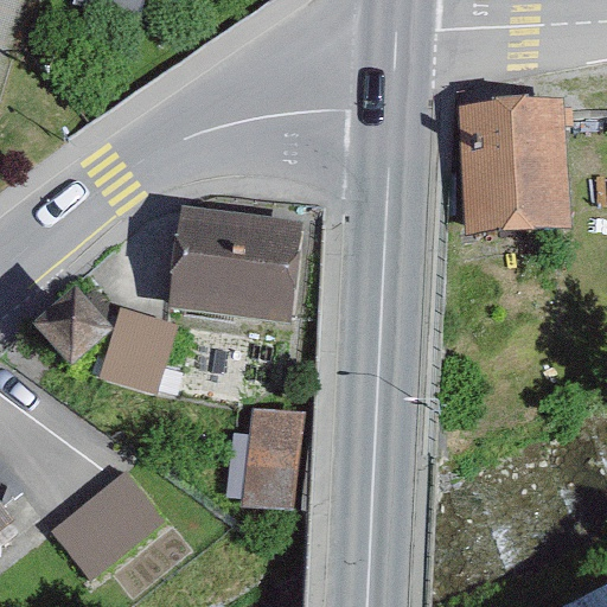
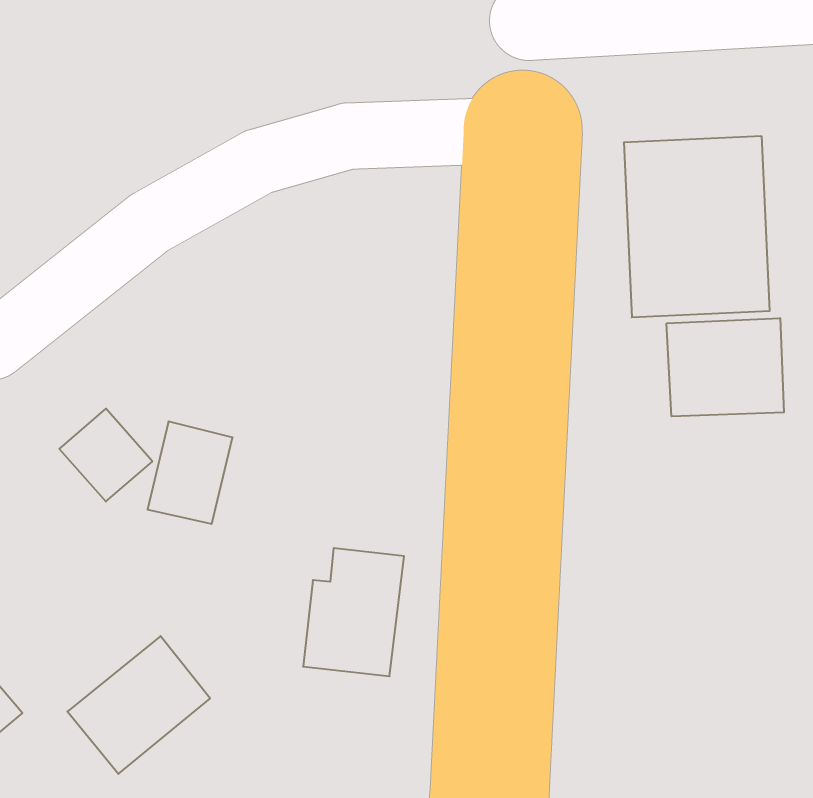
building: [167,204,301,322] -> none
building: none -> [667,318,784,416]

